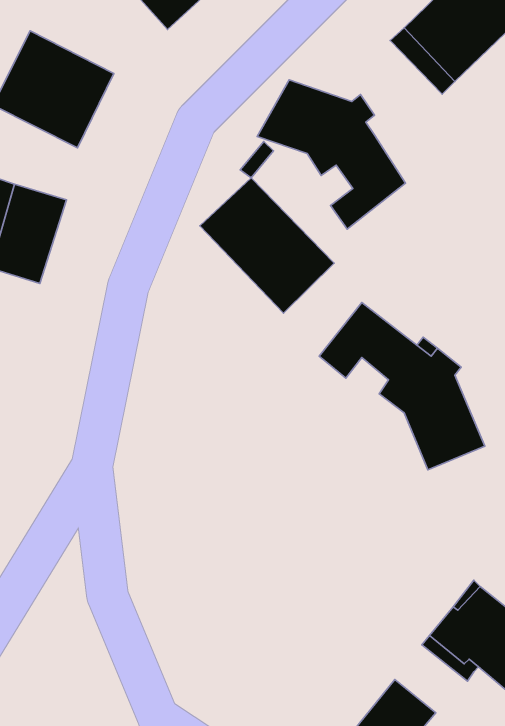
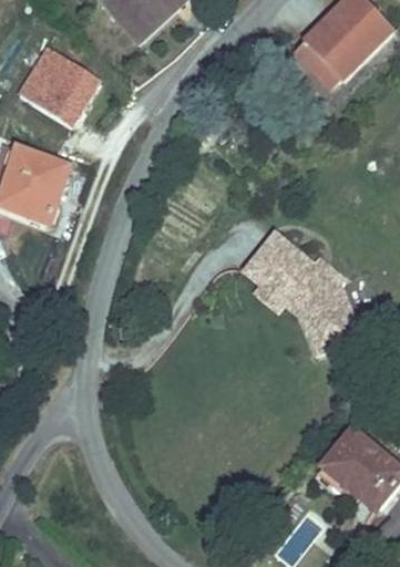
building: [257,80,405,229] -> none
building: [200,178,334,313] -> none
building: none -> [255,272,320,353]

